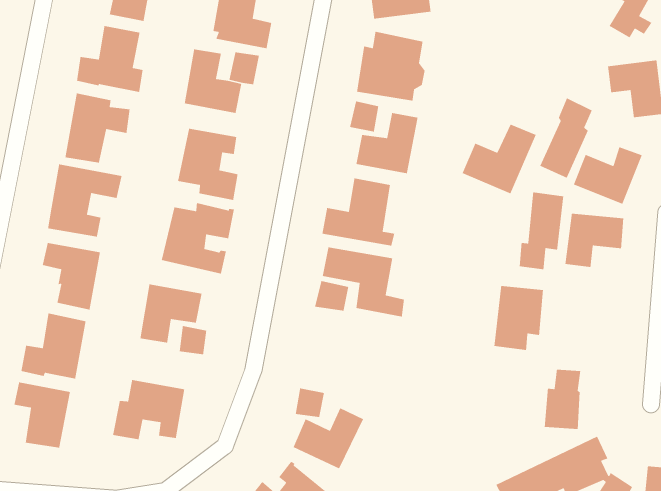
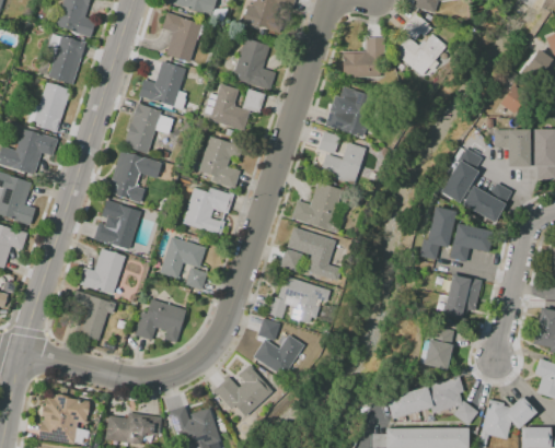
building: [461,124,537,195] -> none
building: [494,285,544,351] -> [442,273,481,319]
building: none -> [263,275,329,323]

